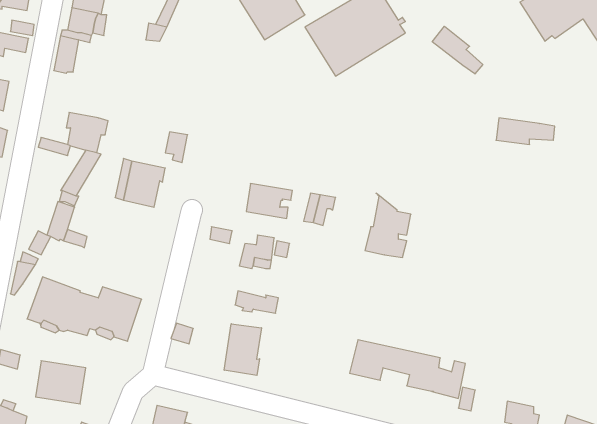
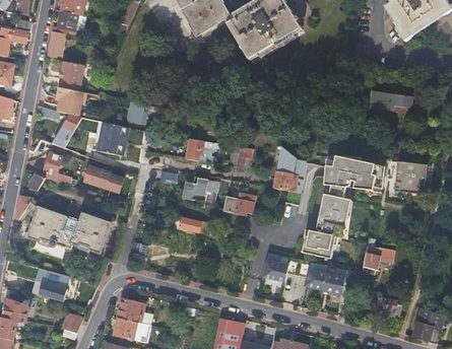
building: [432,26,483,74] -> none
building: none -> [58,61,84,90]
building: none -> [302,151,386,257]
building: none -> [393,160,427,194]
building: none -> [84,164,123,192]
building: none -> [219,193,256,215]
building: [224,324,261,375] -> none
building: none -> [363,245,392,269]

